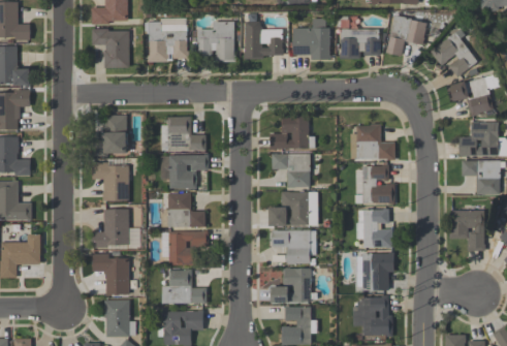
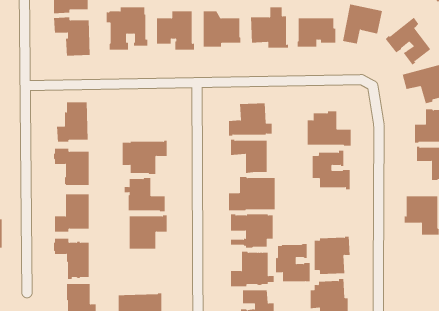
building: [168,116,205,151] -> none
building: [356,209,392,248] -> [275,243,310,282]
building: [161,270,207,304] -> none

